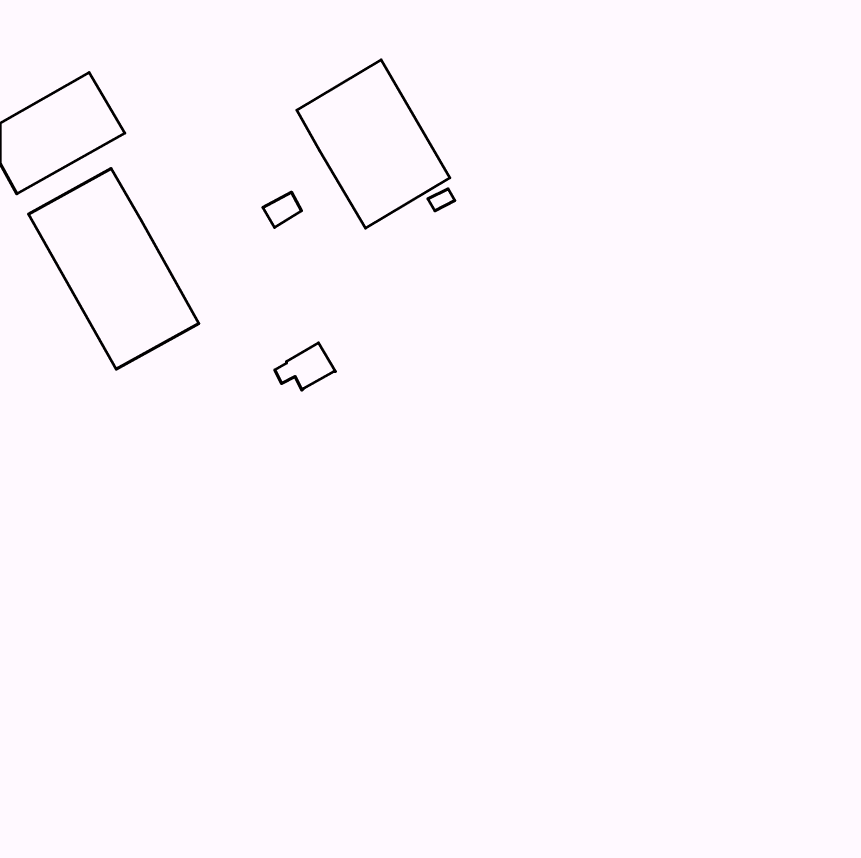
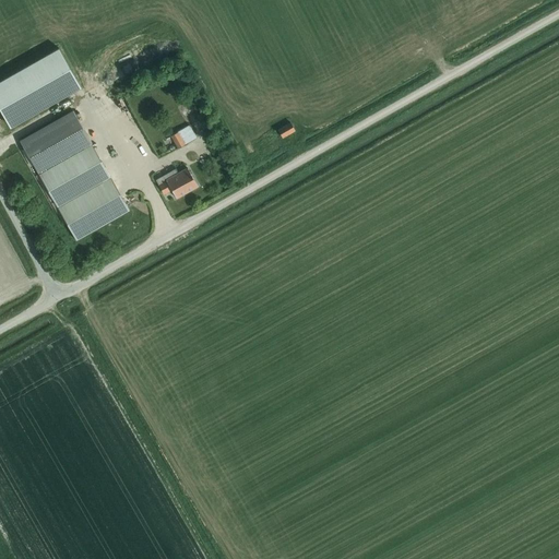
building: [297,60,450,228] -> none
building: [275,343,335,390] -> [158,169,198,200]

